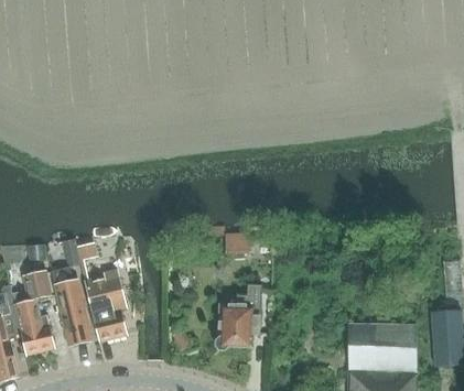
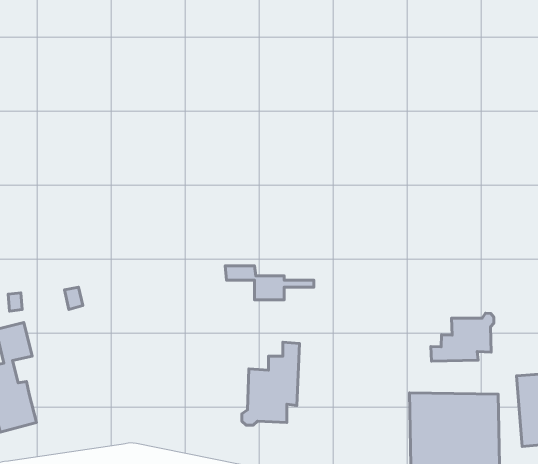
building: none -> [431,313,494,361]
building: [50,267,89,346] -> none
building: [84,269,128,341] -> none

